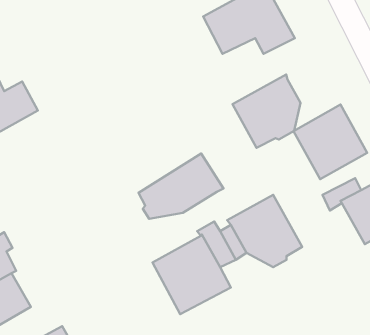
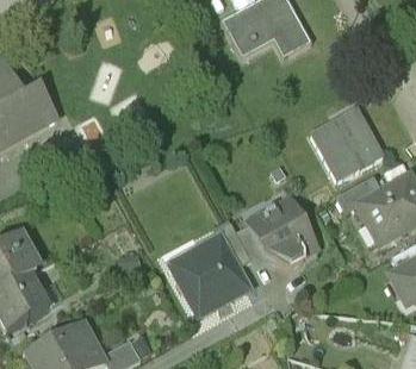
building: [232,75,300,148] -> none
building: [138,153,223,219] -> none

